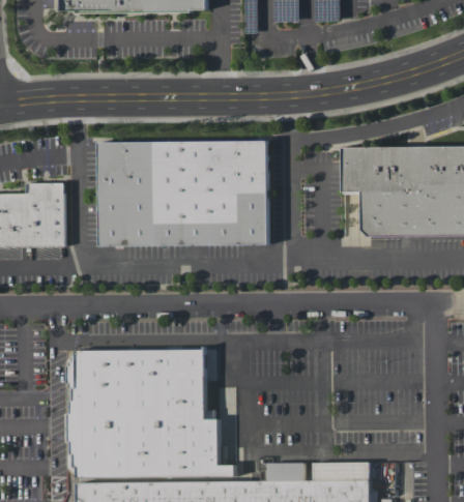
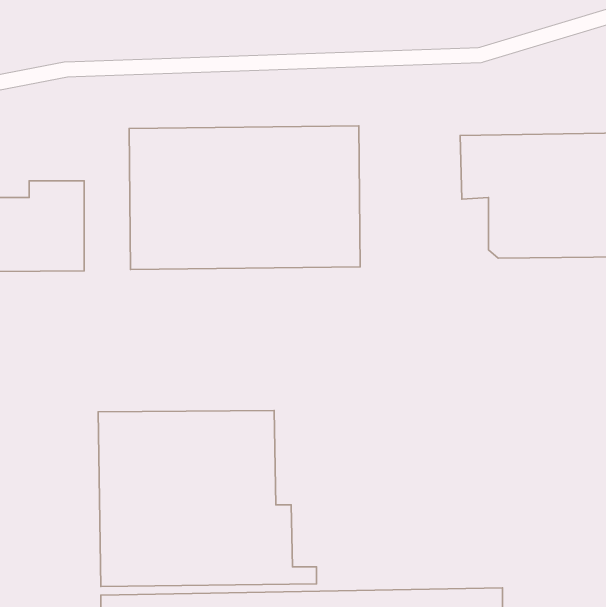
building: [267,462,305,480] -> none
building: [313,462,370,479] -> none

